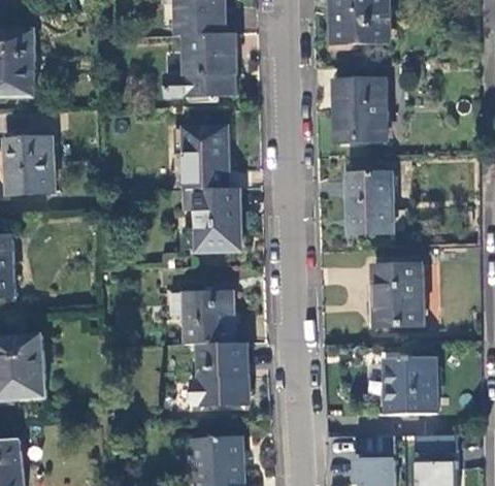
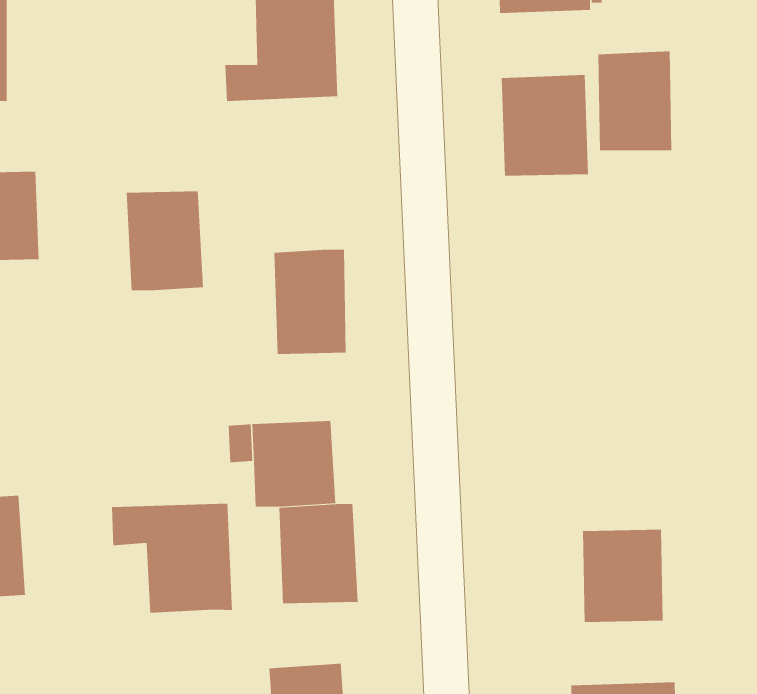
building: [182,127,229,188] -> [126,191,204,291]
building: [348,171,393,232] -> [597,51,672,151]
building: [373,263,424,325] -> none
building: none -> [111,503,232,614]

